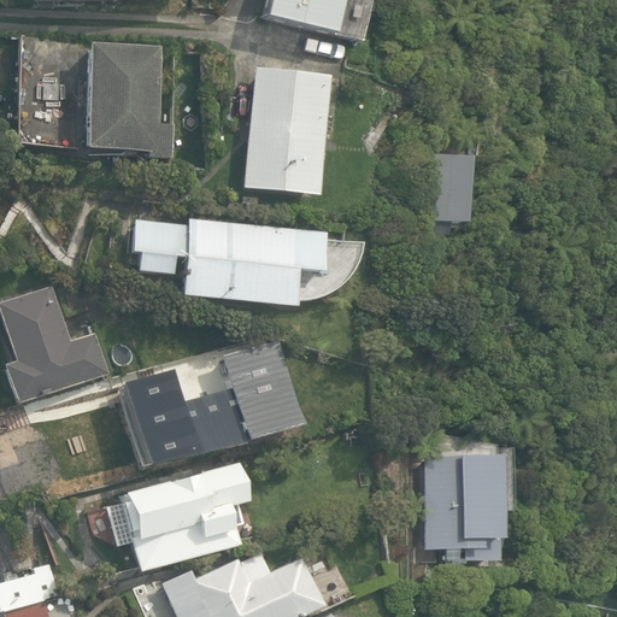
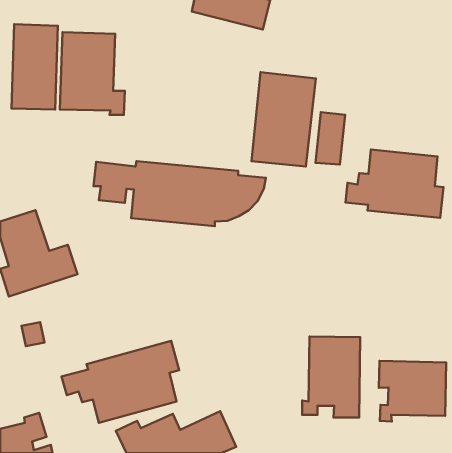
building: [245,66,331,194] -> [252,72,316,167]
building: none -> [345,150,443,218]
building: [123,339,301,466] -> none
building: none -> [379,361,446,421]

